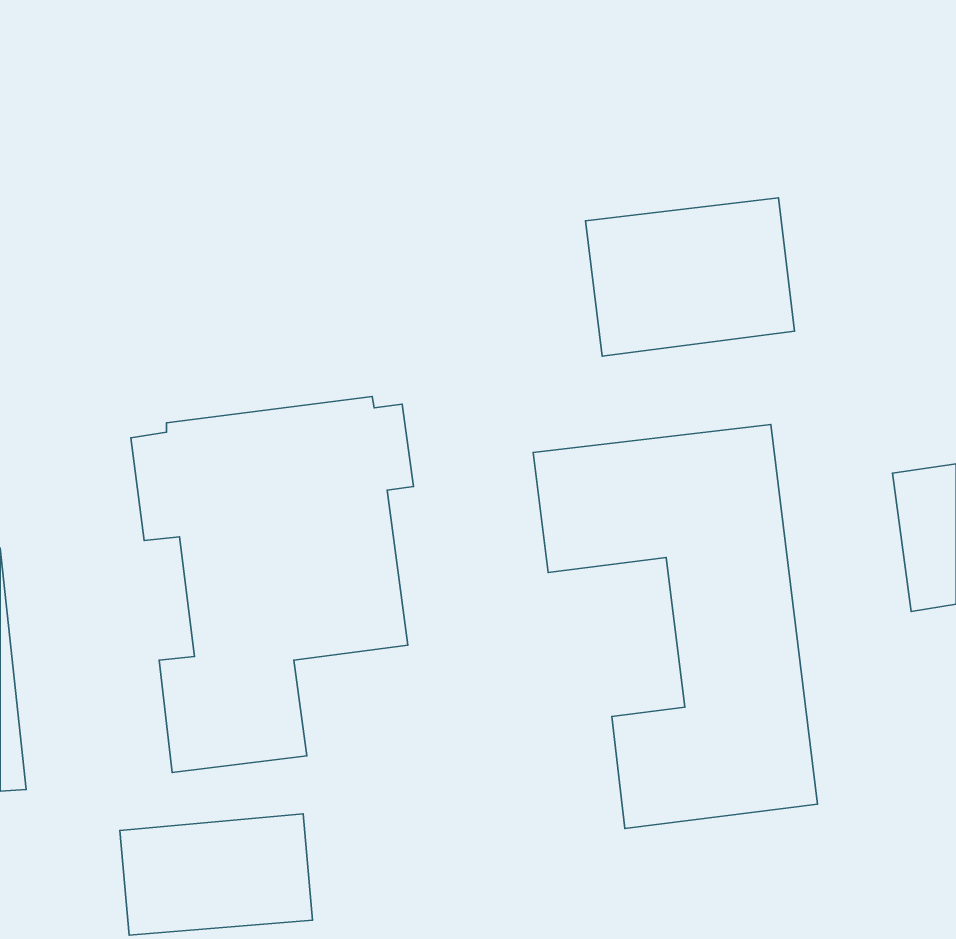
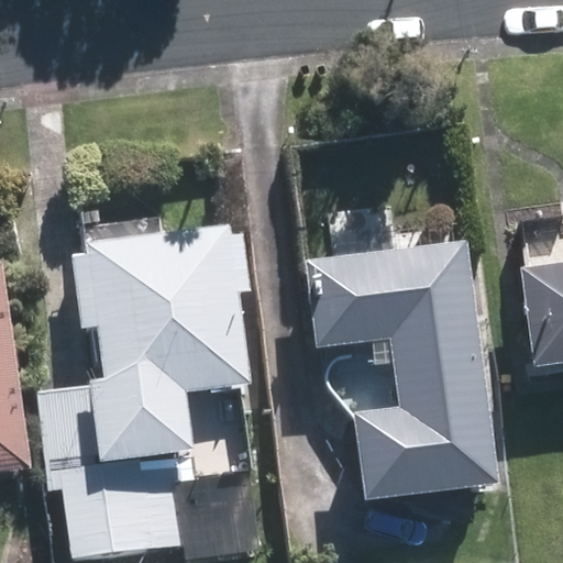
building: [586,198,795,356] -> none

